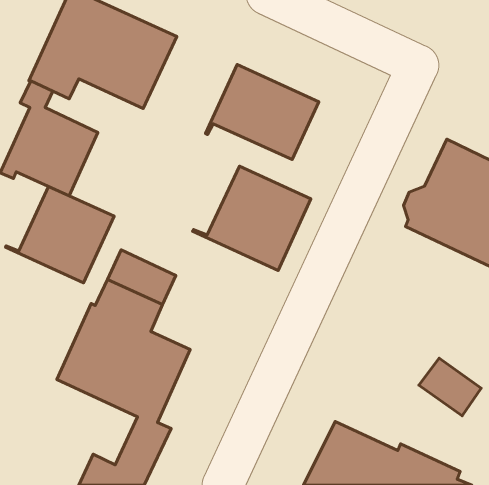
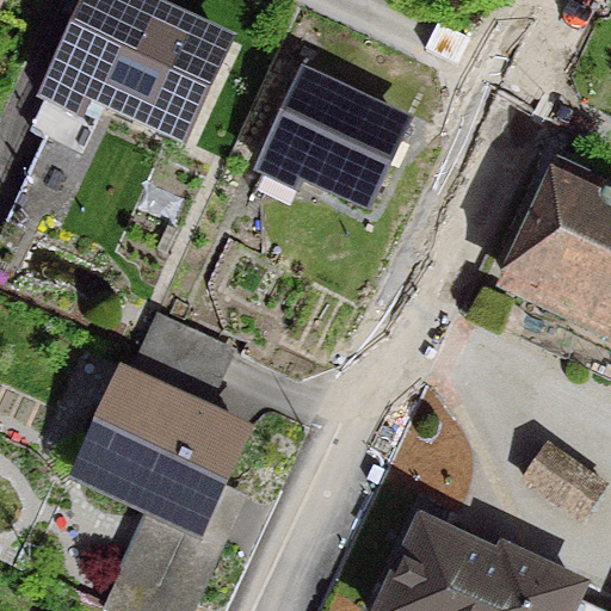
building: [193,166,311,270] -> none
building: [5,187,114,283] -> none

